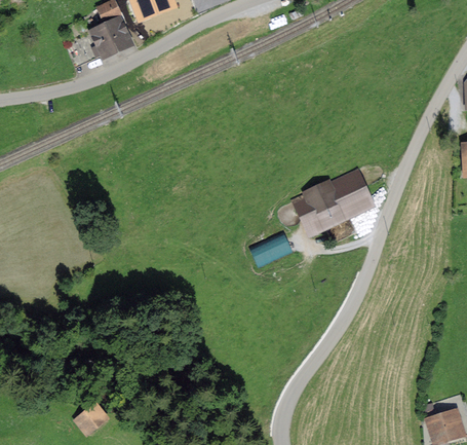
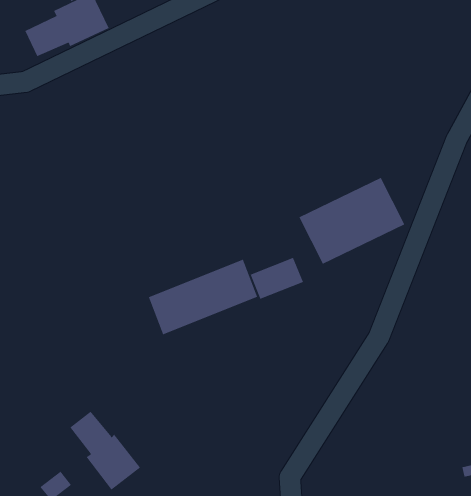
building: none -> [148,259,258,335]
building: none -> [69,411,141,490]

